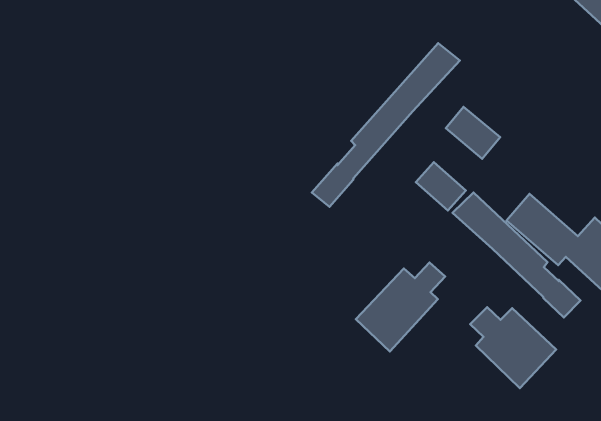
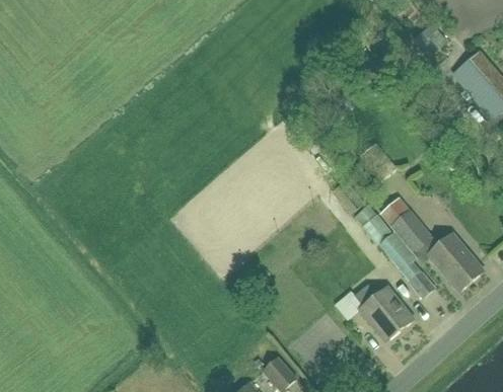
building: [312,43,460,207] -> none
building: [356,262,445,351] -> none

